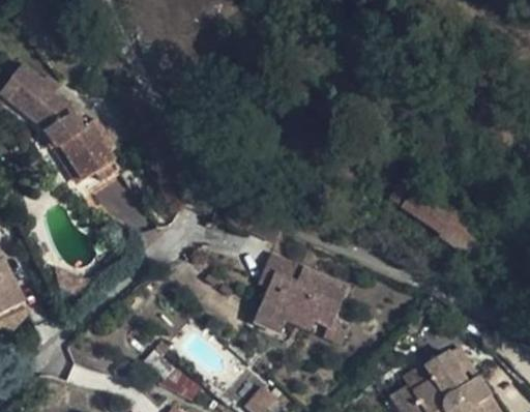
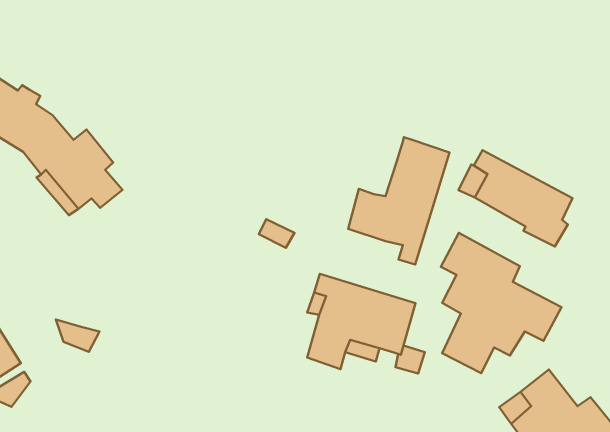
building: none -> [348,137,449,264]
building: none -> [441,233,561,373]

